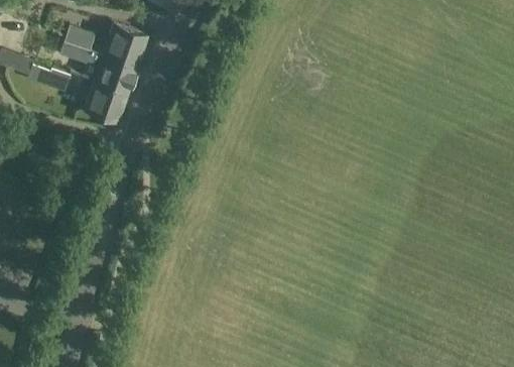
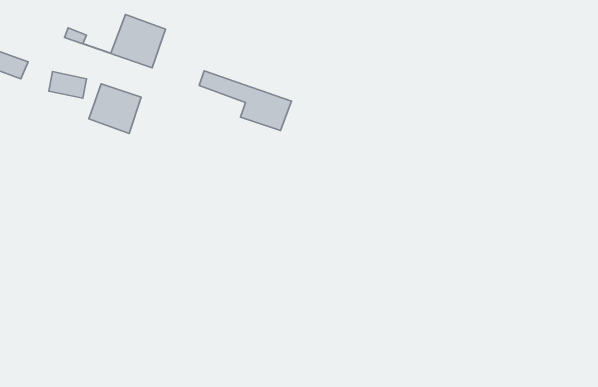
building: [59,40,136,90] -> [199,71,292,130]

